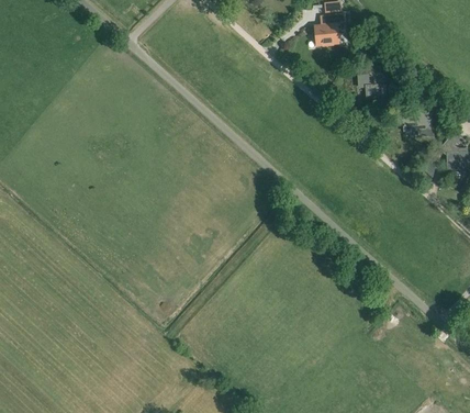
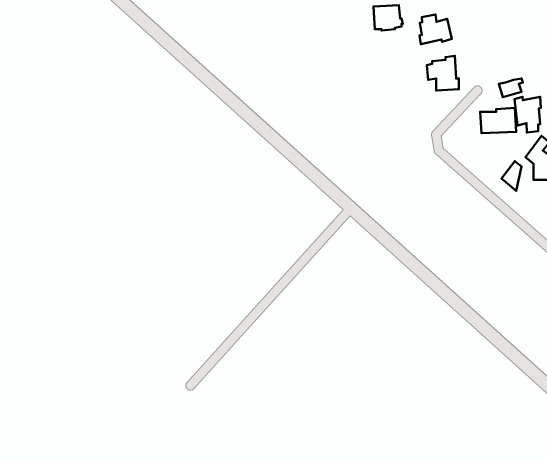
building: none -> [420,15,452,44]
building: none -> [515,97,541,133]

